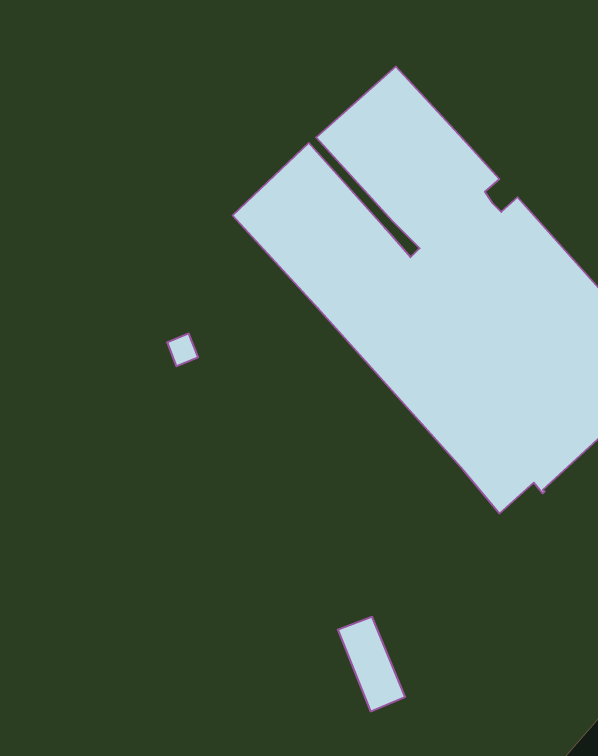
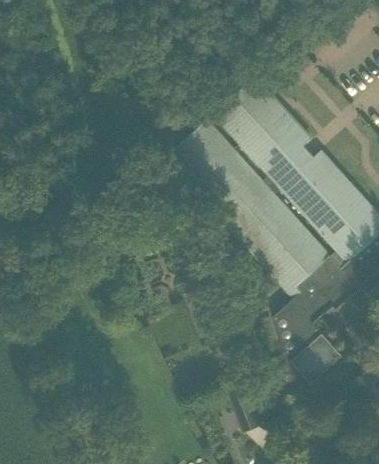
building: none -> [273,301,344,387]

